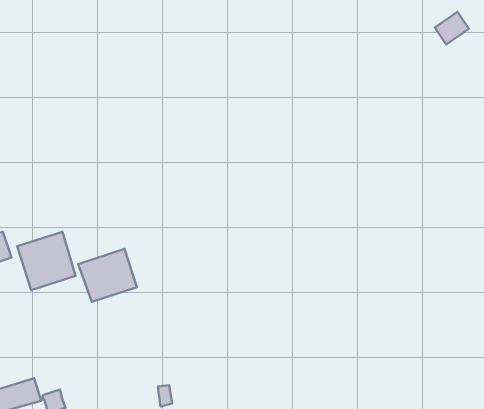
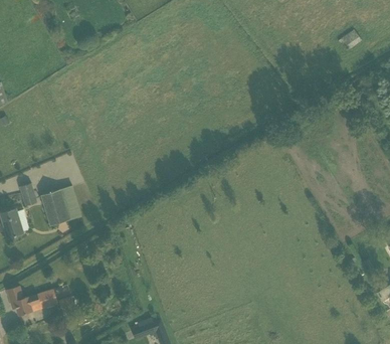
building: [78,249,137,302] -> none

